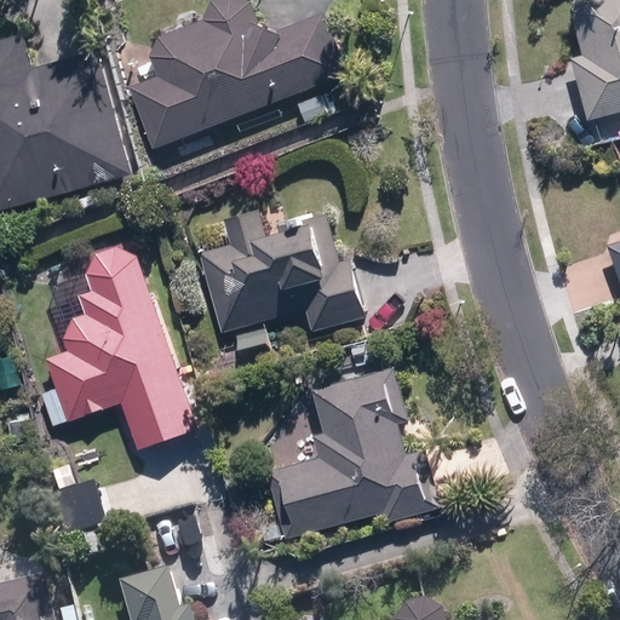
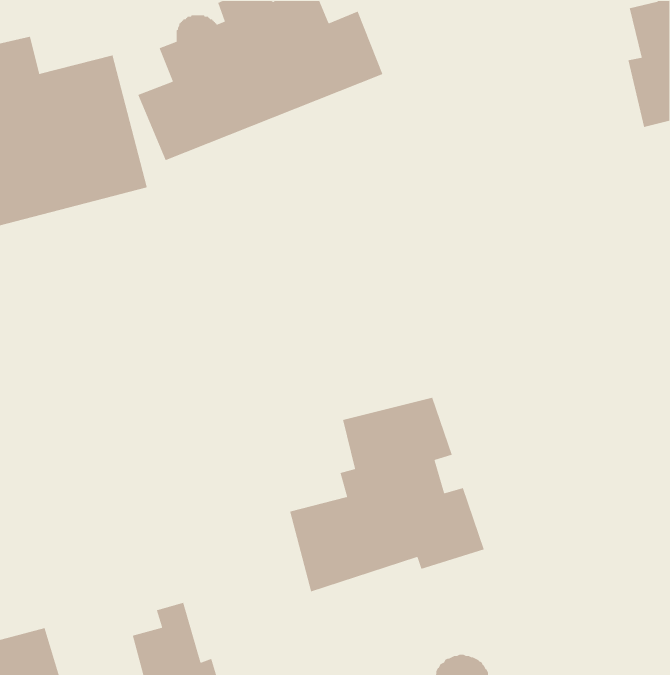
building: [197,208,368,351] -> none
building: [41,235,197,450] -> none

